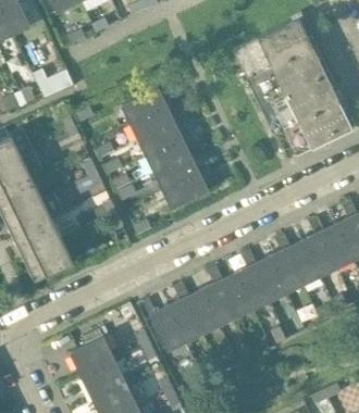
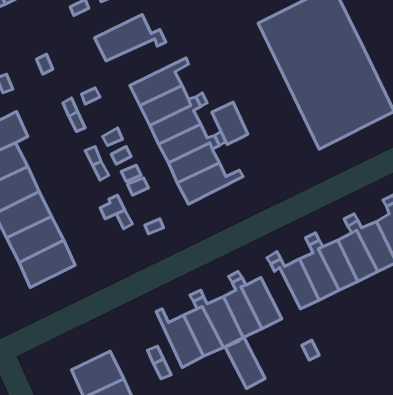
building: none -> [95,15,166,61]
building: none -> [212,102,248,145]
building: [235,264,270,309] -> [225,337,265,388]

